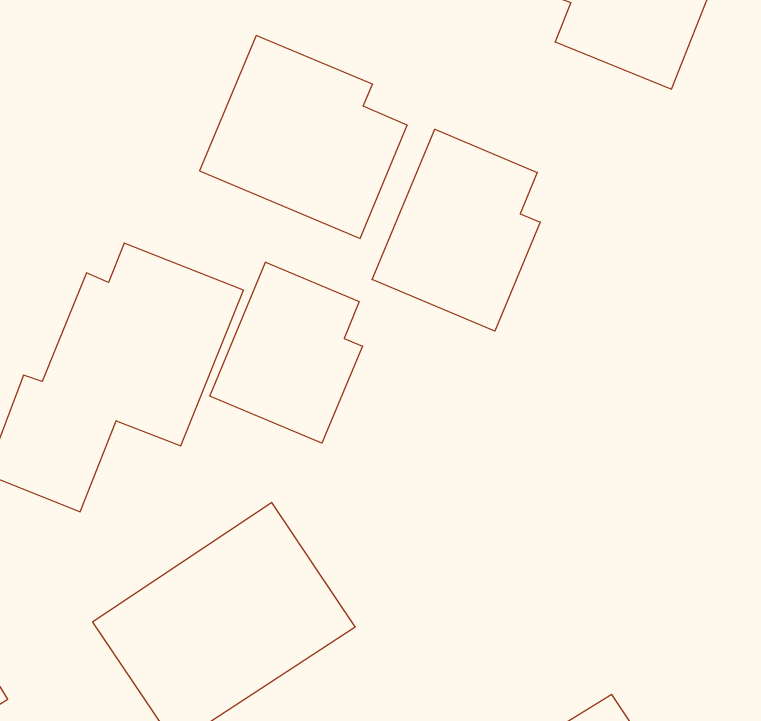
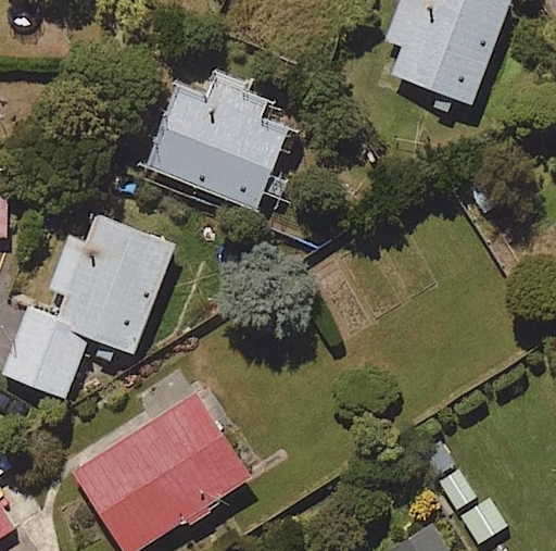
building: [372,129,540,331] -> none
building: [210,262,363,443] -> none

